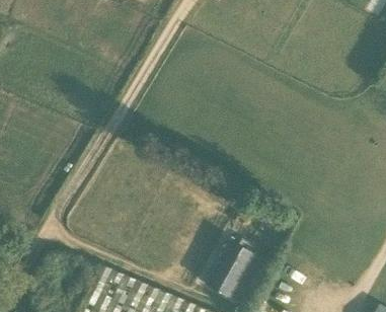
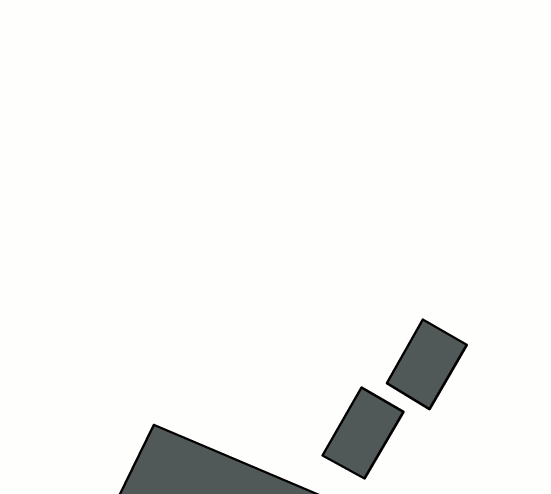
building: none -> [387,320,467,409]

